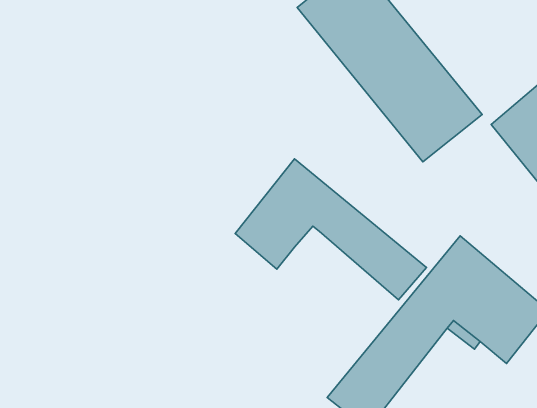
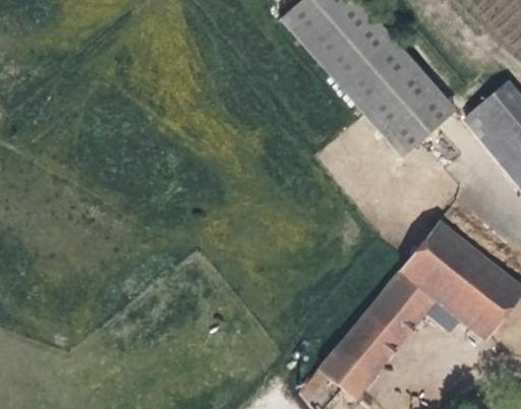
building: [235,159,426,300] -> none

